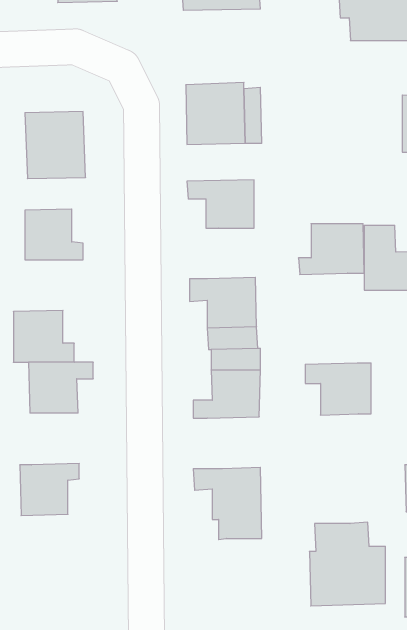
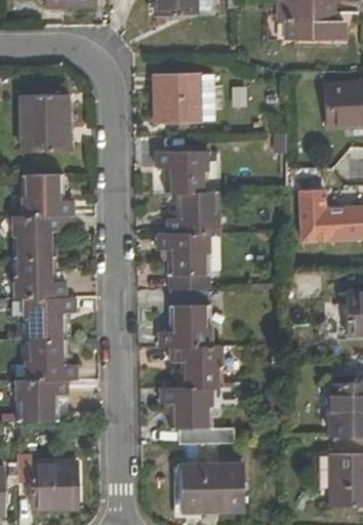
building: [298,224,364,274] -> [168,190,221,231]
building: none -> [11,215,69,257]
building: [305,363,371,415] -> [169,342,223,385]
building: none -> [26,339,77,381]
building: [309,522,385,606] -> [180,440,242,508]
building: none -> [18,452,78,510]

